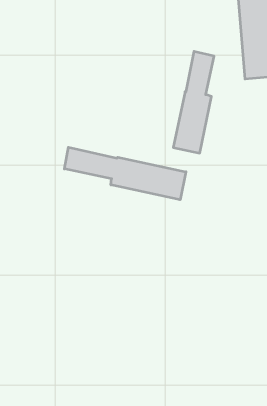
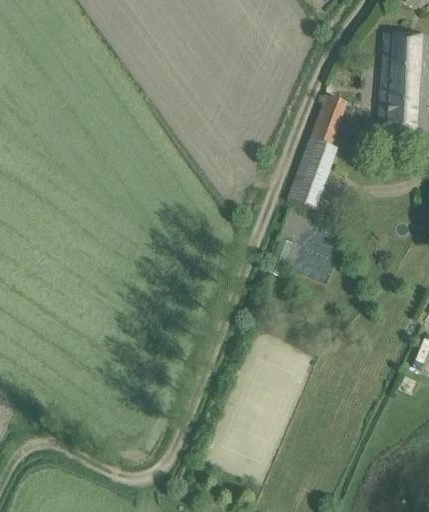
building: [64,147,186,200] -> none

